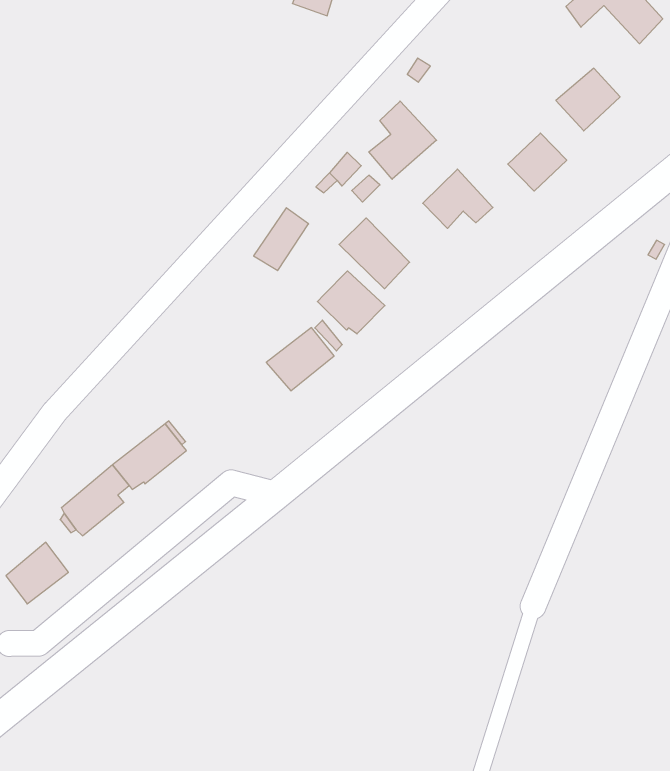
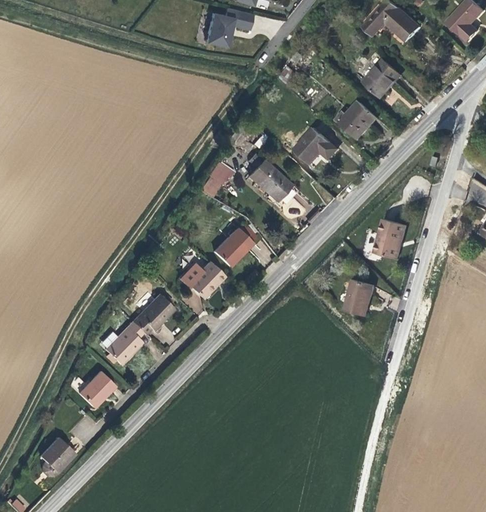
building: [369,101,437,179] -> none
building: [317,271,385,334] -> none
building: none -> [371,219,403,259]
building: none -> [178,263,223,300]
building: none -> [342,276,373,314]

